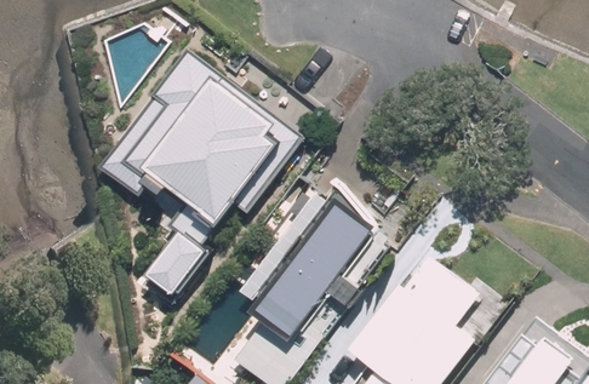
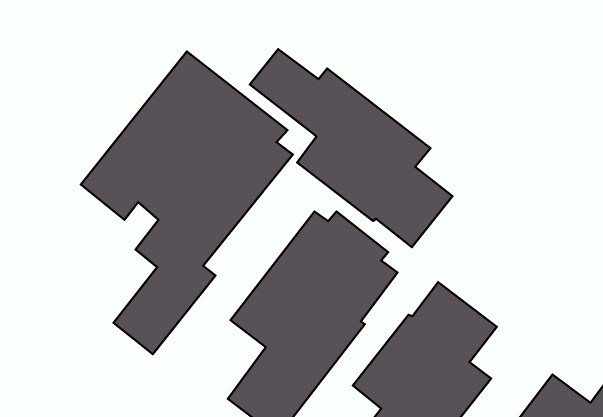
building: none -> [250,49,452,247]

